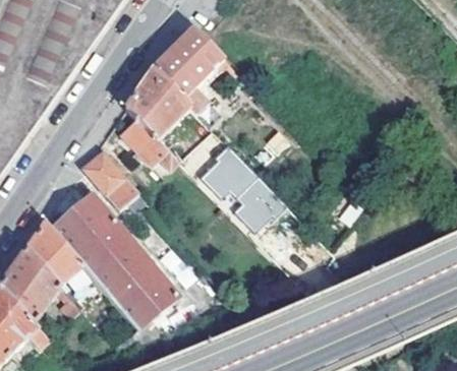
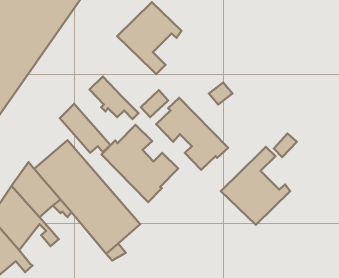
building: [123,67,192,139] -> none
building: none -> [102,125,178,202]
building: none -> [221,147,290,225]

